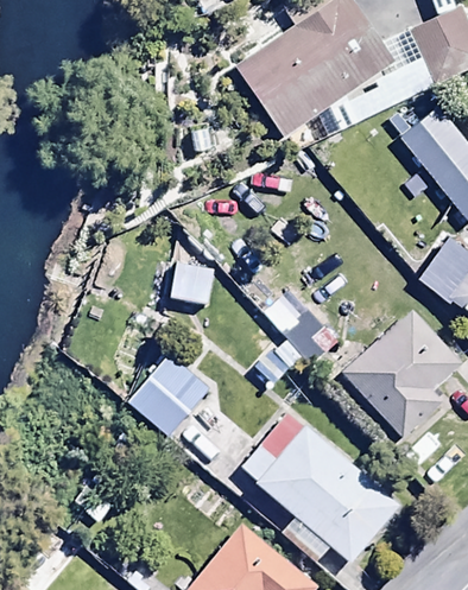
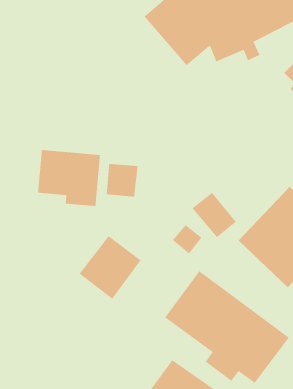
building: none -> [37,149,101,207]

